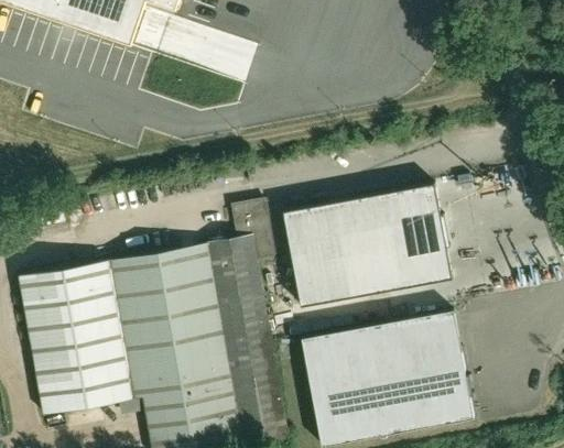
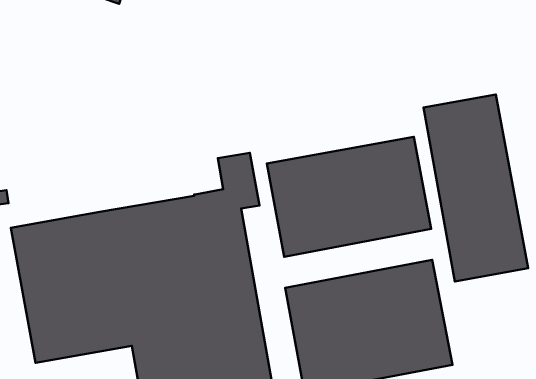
building: none -> [423,94,528,282]

